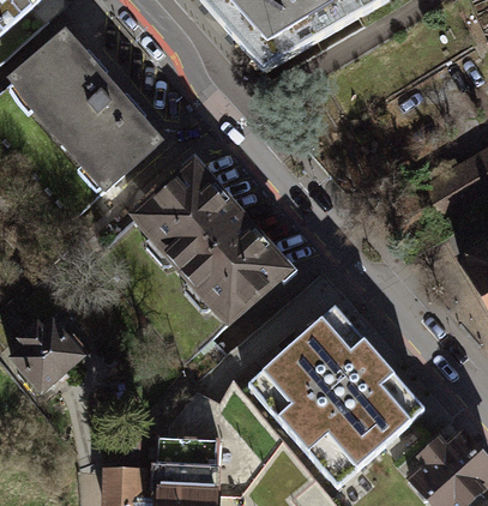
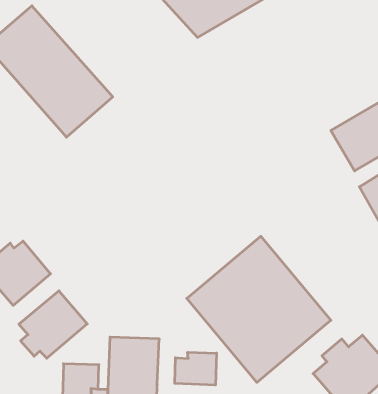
building: [135,163,285,318] -> none
building: none -> [19,291,87,358]
building: none -> [175,352,217,385]

